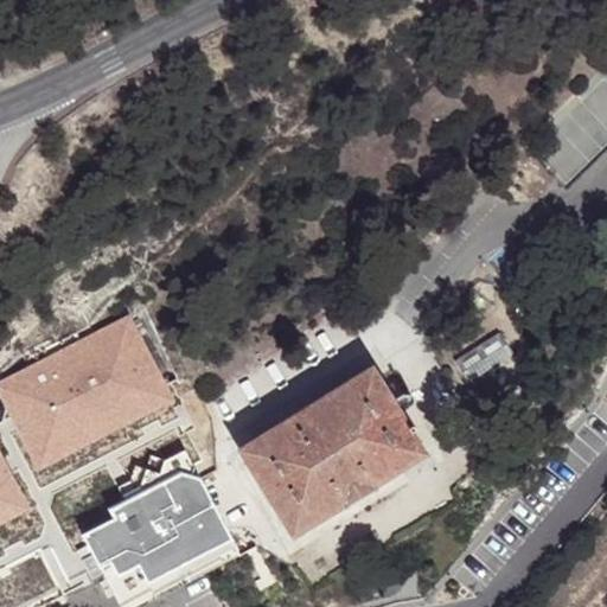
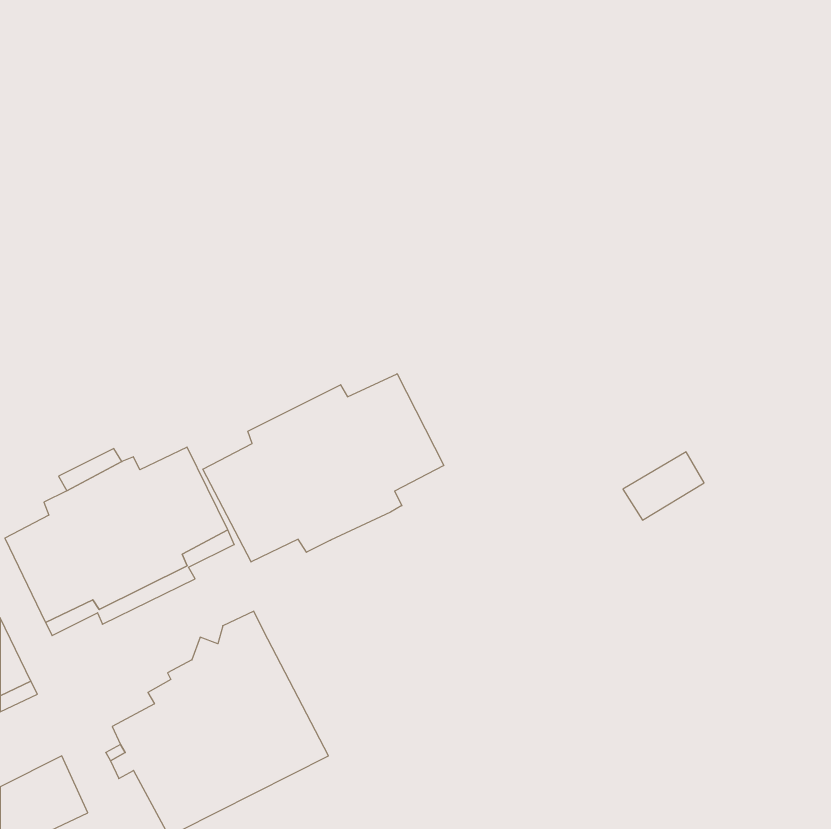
building: none -> [203,374,444,562]
building: [234,366,424,539] -> none

